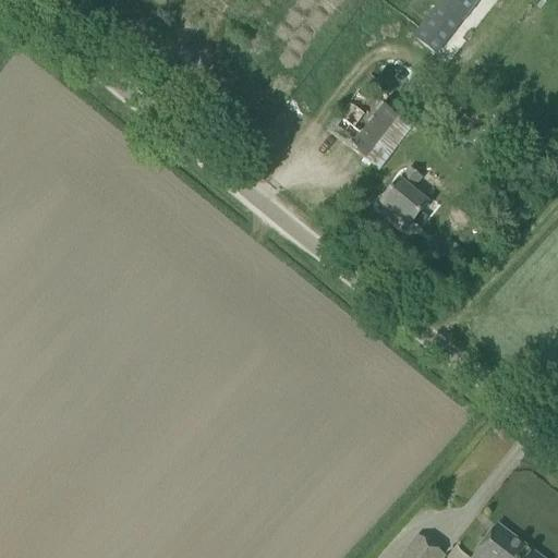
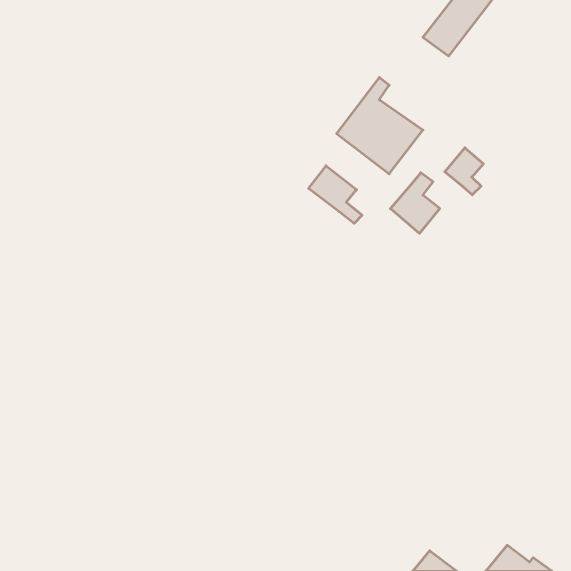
building: none -> [445,148,483,195]
building: none -> [309,166,362,223]

